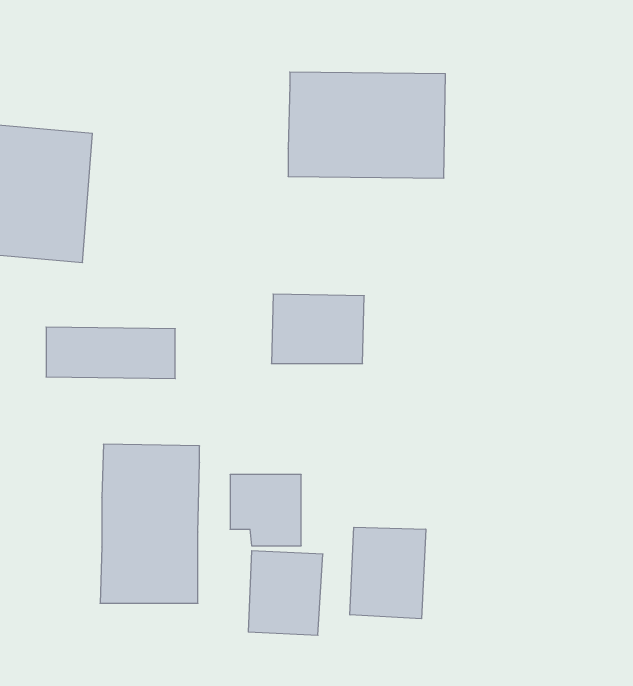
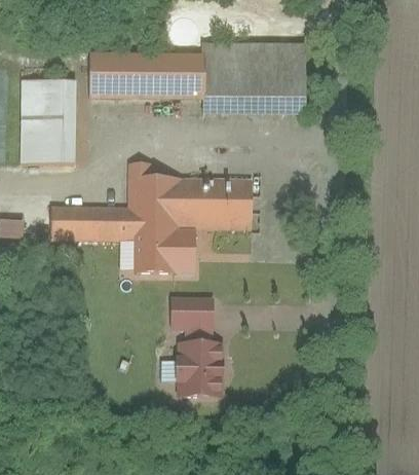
building: none -> [91,53,204,94]
building: [100,444,200,603] -> [132,173,194,271]
building: [350,527,426,619] -> none

